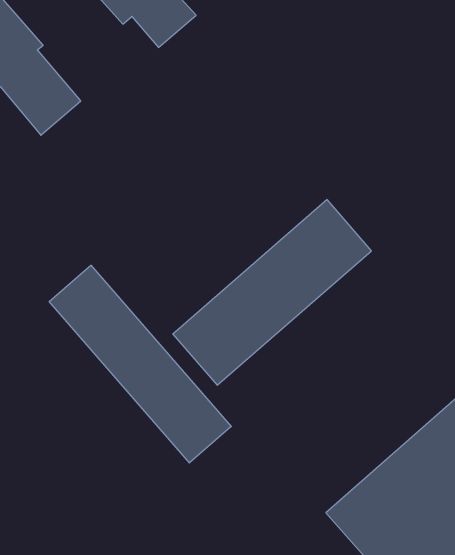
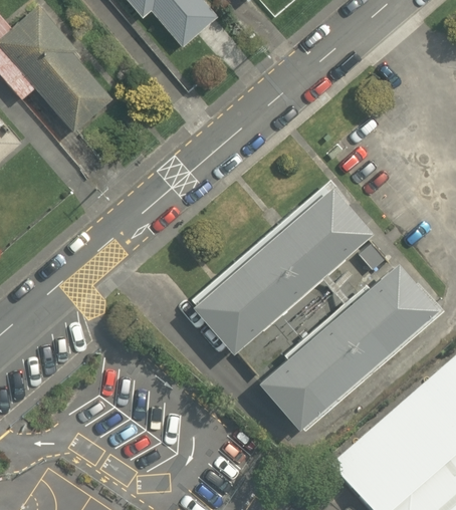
building: [49,265,231,463] -> none
building: none -> [258,263,438,430]

